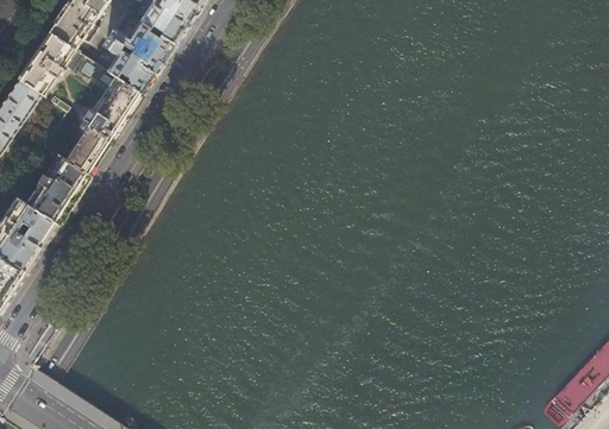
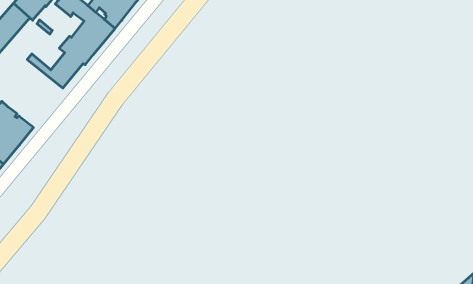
building: [24,144,89,225] -> none

